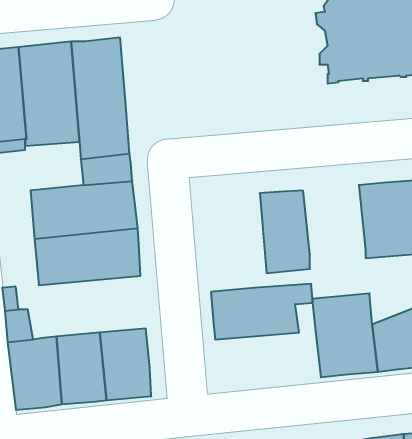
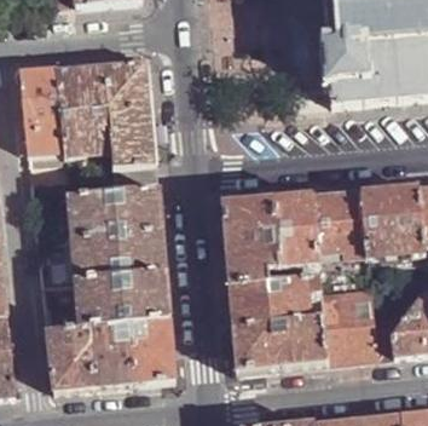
building: none -> [310,191,365,253]
building: none -> [221,198,277,287]
building: none -> [74,272,169,328]
building: none -> [231,322,325,373]

